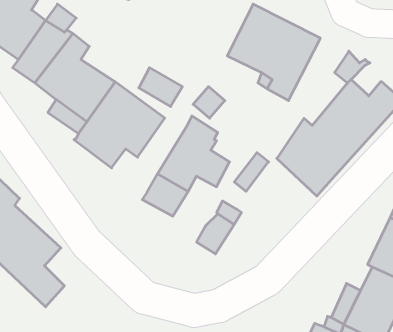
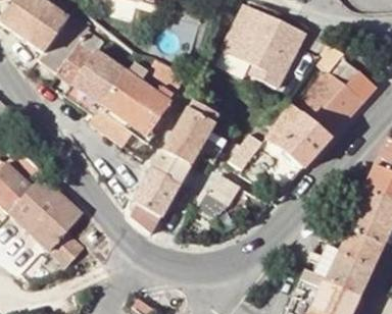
building: none -> [132,173,178,233]

